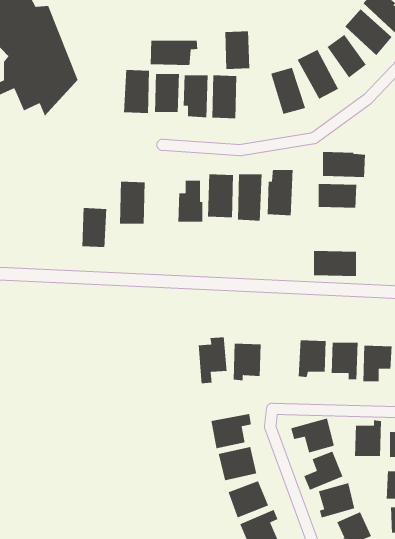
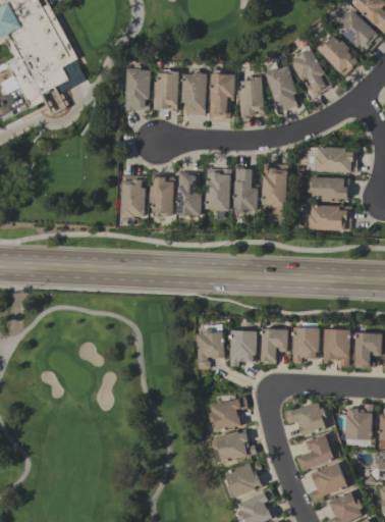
building: [224,30,250,70] -> [238,77,263,115]
building: [150,40,198,66] -> none
building: [82,207,107,248] -> [150,175,174,214]
building: [313,250,357,277] -> [309,204,350,229]
building: none -> [261,328,287,363]

